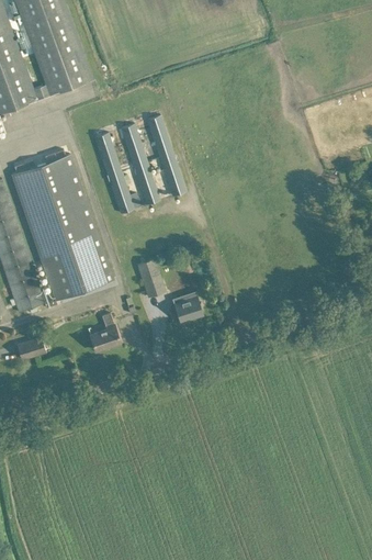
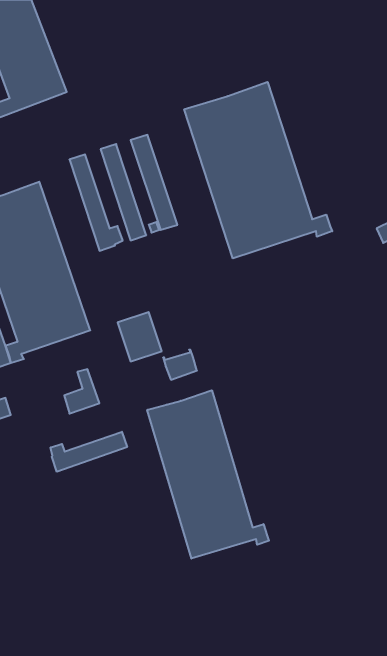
building: none -> [184,82,332,258]
building: none -> [147,390,269,559]
building: none -> [51,432,127,472]

